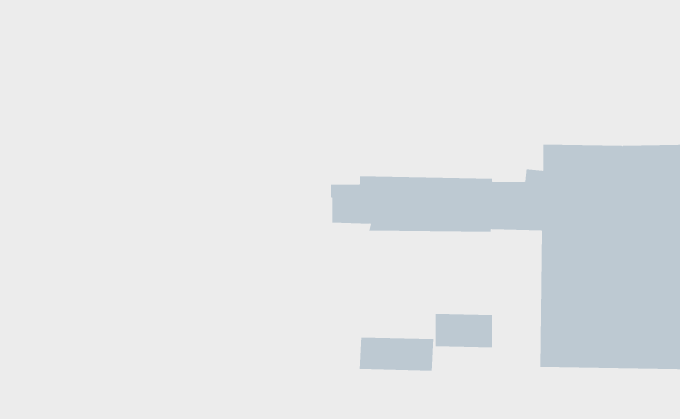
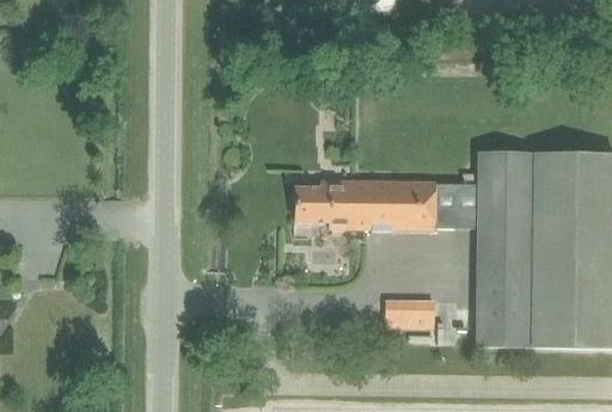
building: [359,337,434,371] -> none

